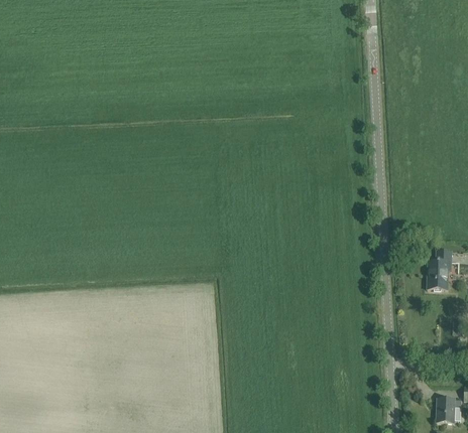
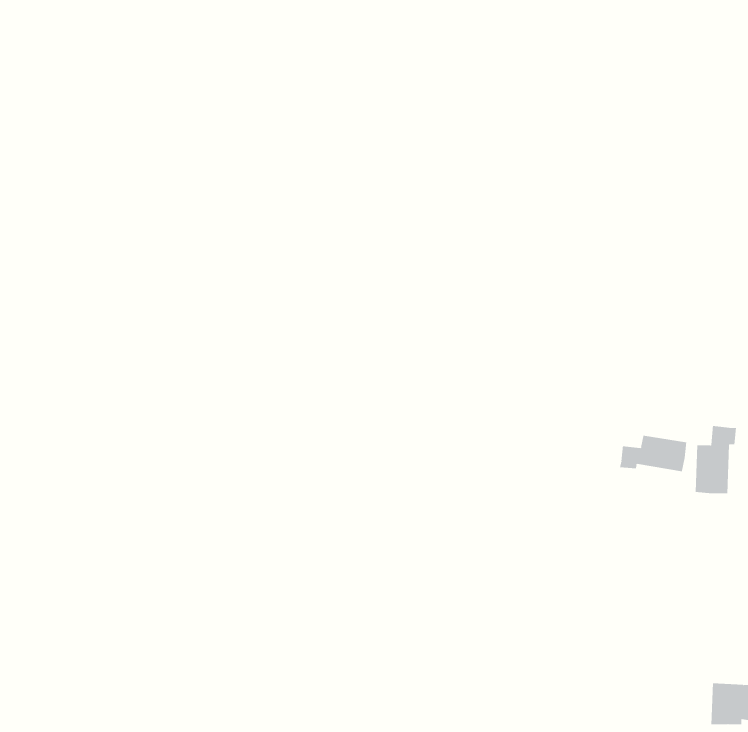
building: none -> [620,435,687,472]

